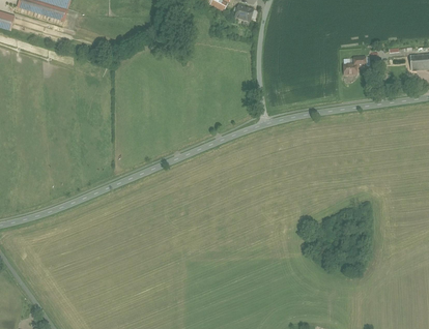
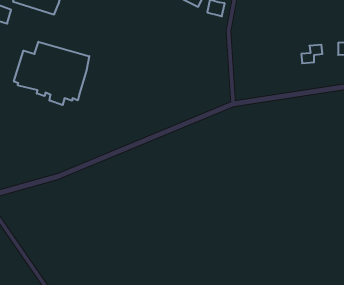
building: none -> [14,42,89,105]

